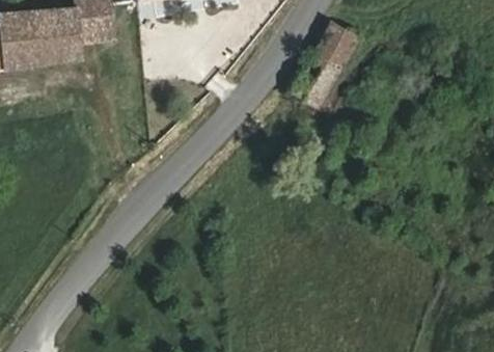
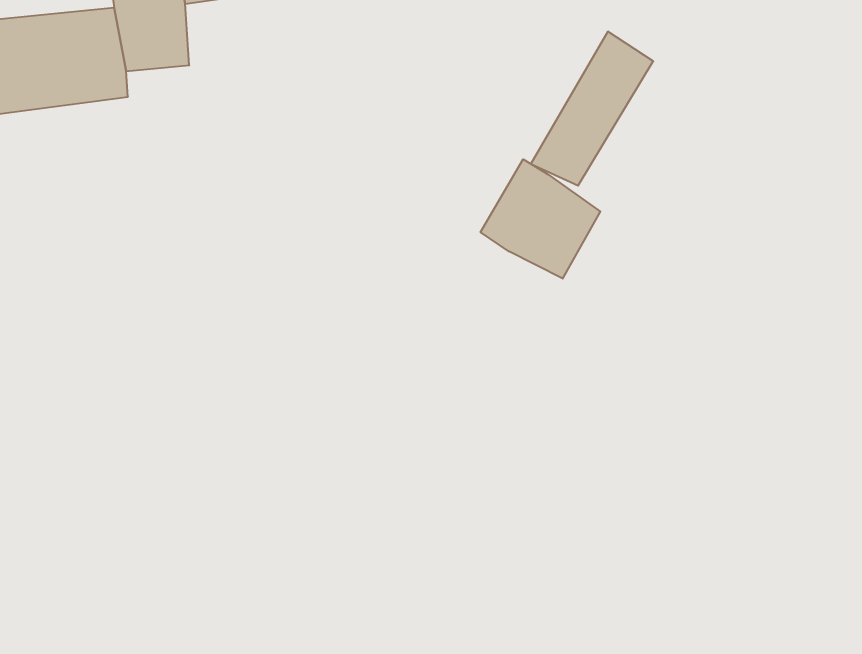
building: none -> [481,159,600,279]

